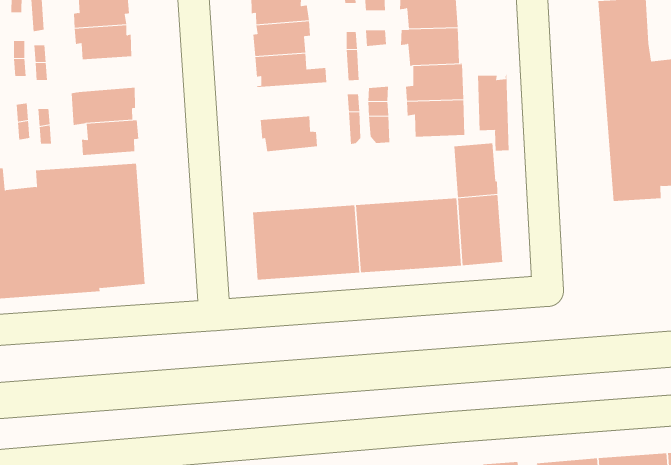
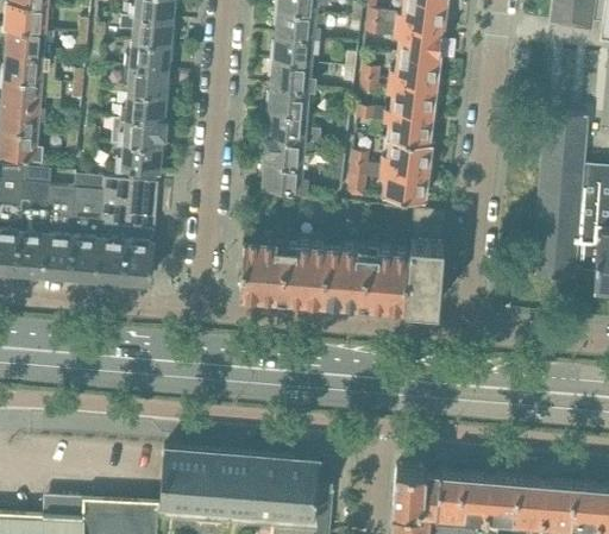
building: none -> [120,98,168,126]
building: [477,74,509,151] -> none
building: none -> [262,142,320,171]

